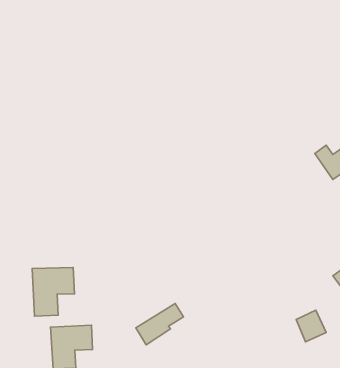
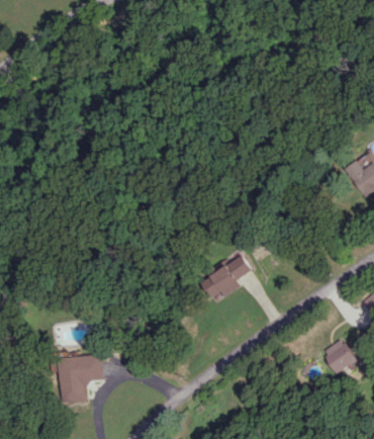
building: [32,268,74,316] -> none
building: [136,304,183,345] -> [201,256,253,300]

